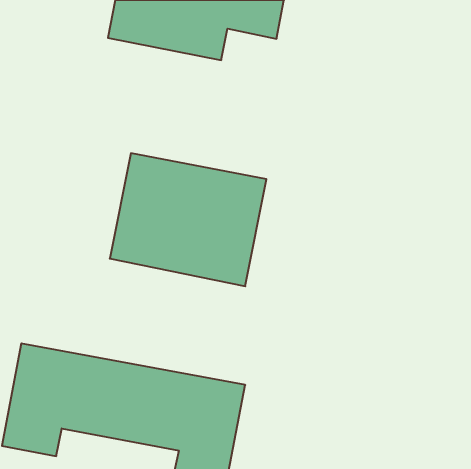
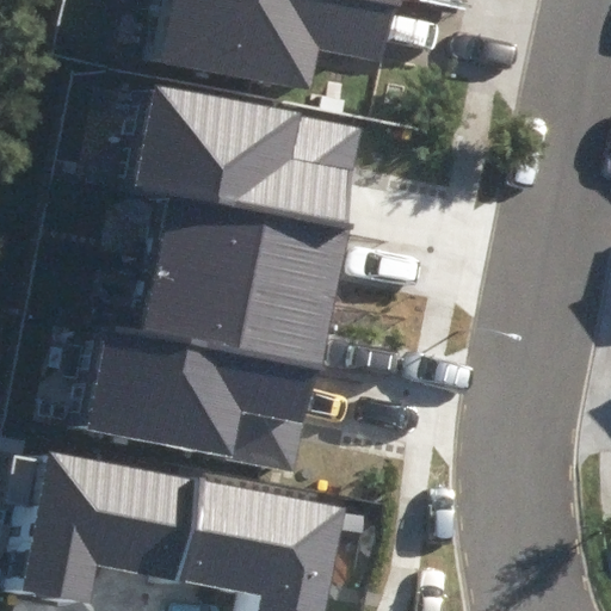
building: none -> [136,93,365,235]
building: none -> [86,329,317,475]

